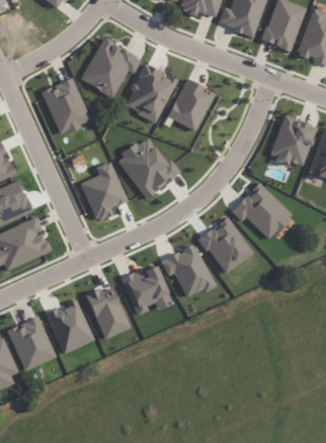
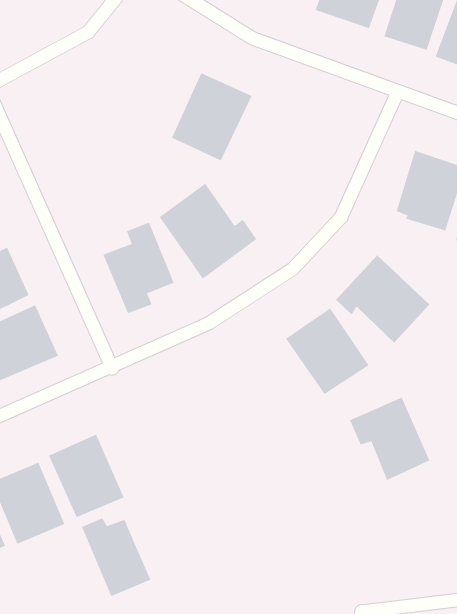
building: [80,37,141,97] -> none
building: [40,78,91,136] -> none
building: [167,79,214,131] -> none
building: [161,245,214,299] -> [349,397,430,481]
building: [120,266,171,314] -> none
building: [85,288,131,340] -> [81,518,151,597]

